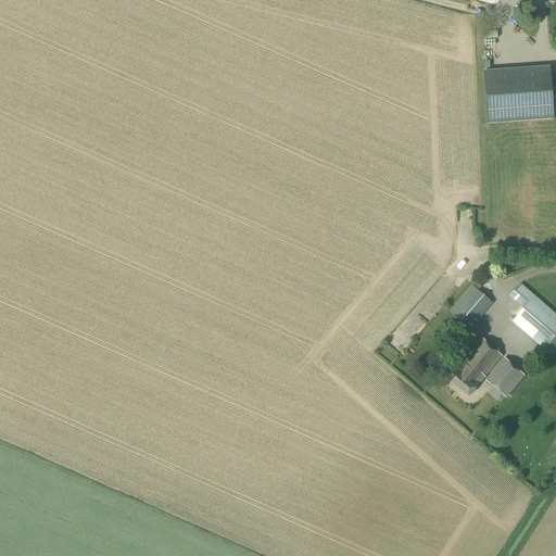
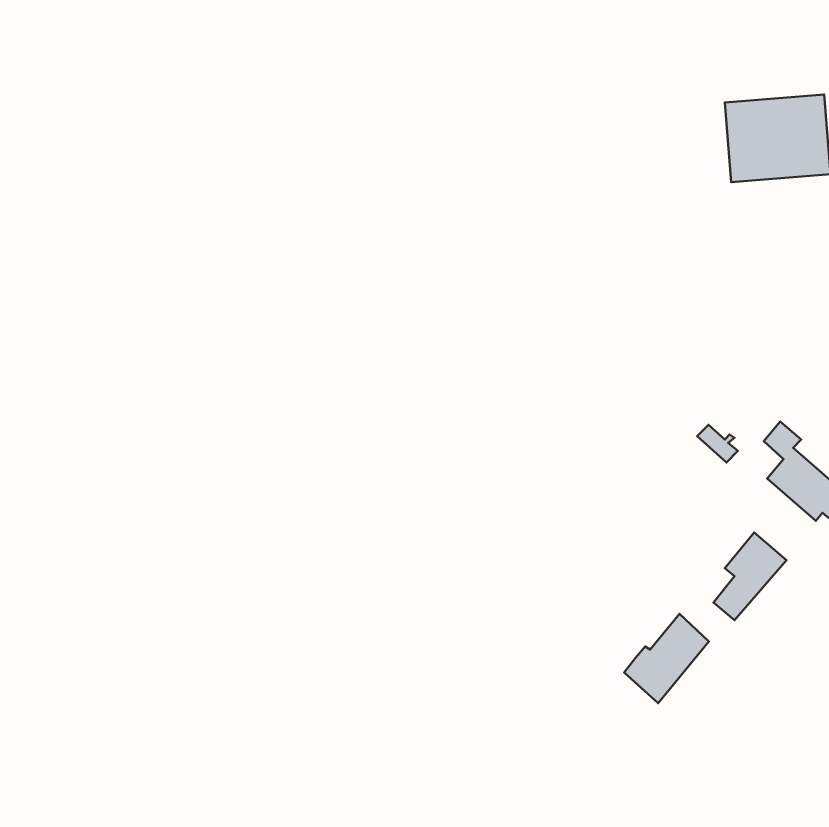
building: [447,300,480,330] -> none
building: [446,336,503,395] -> [624,614,709,703]

